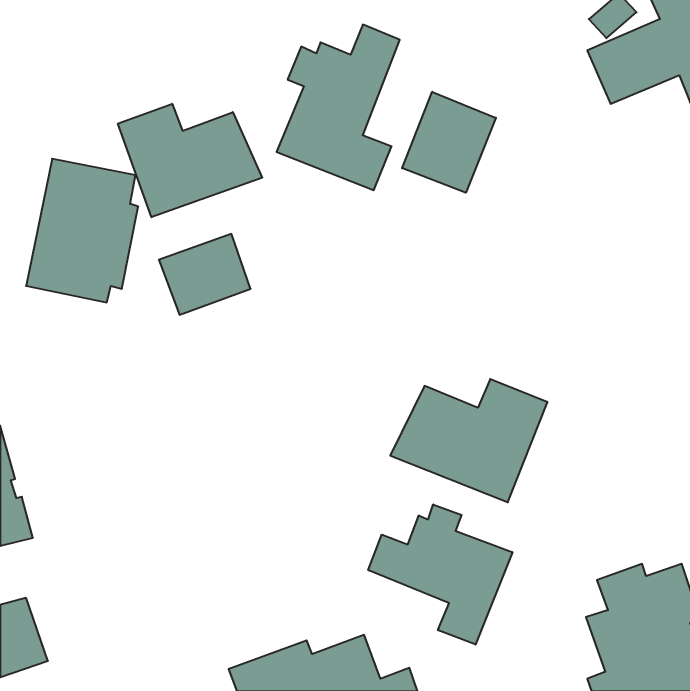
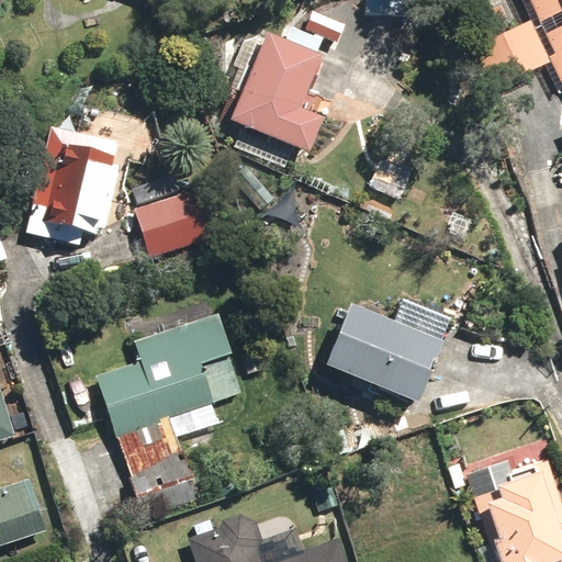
building: [402,92,496,193] -> none
building: [118,104,262,217] -> none
building: none -> [95,314,245,516]
building: [368,504,512,645] -> none

